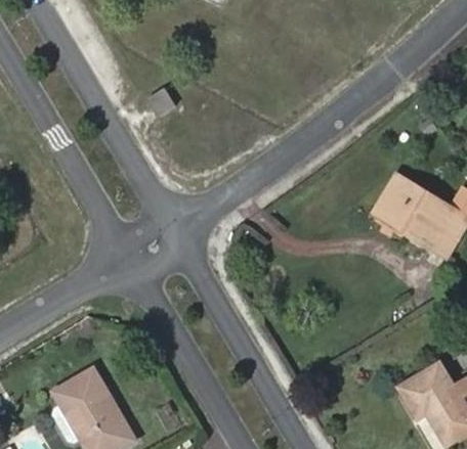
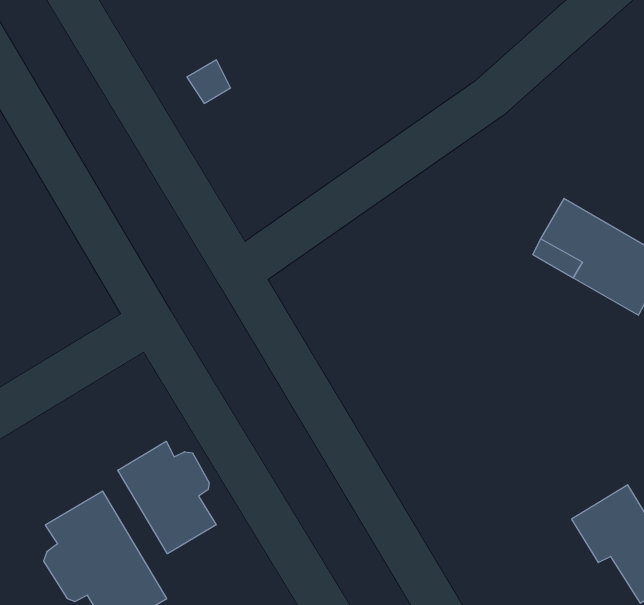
building: none -> [118,441,216,554]

